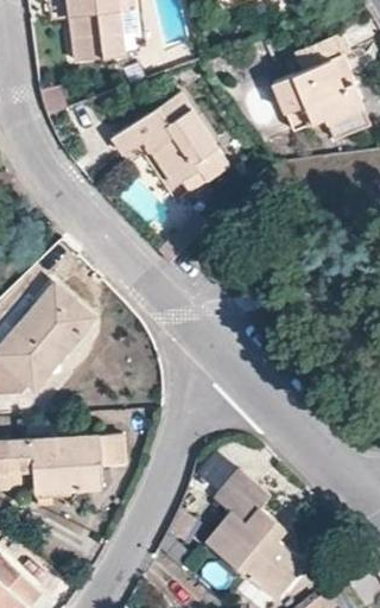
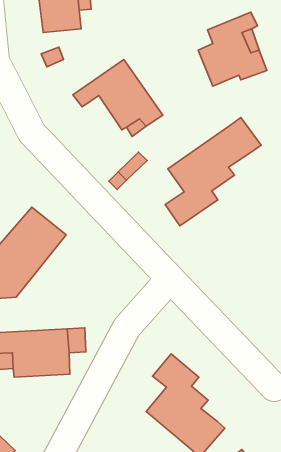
building: none -> [165,117,261,226]

